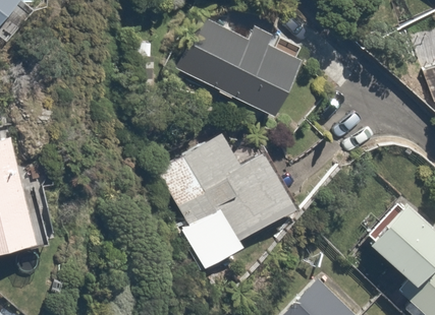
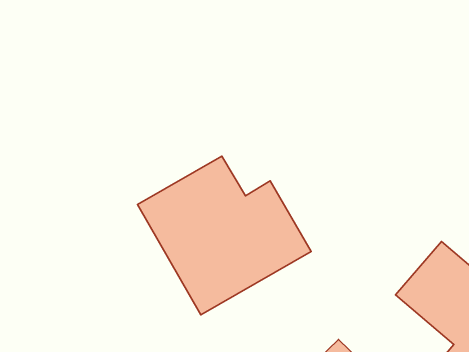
building: [179,14,301,116] -> none

